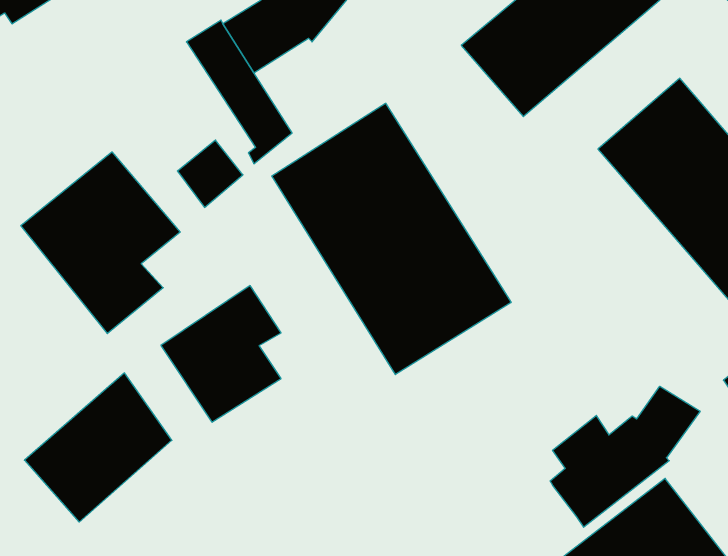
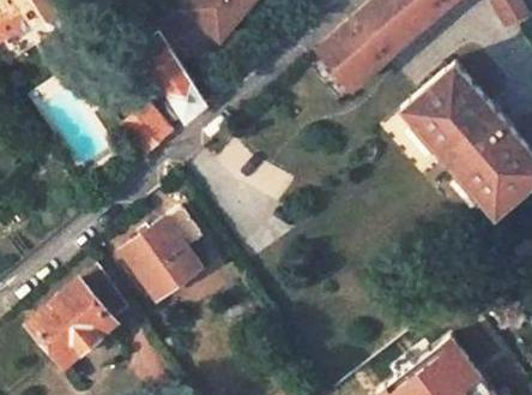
building: [272,103,511,375] -> none
building: [21,152,180,334] -> none
building: [550,386,700,527] -> none

